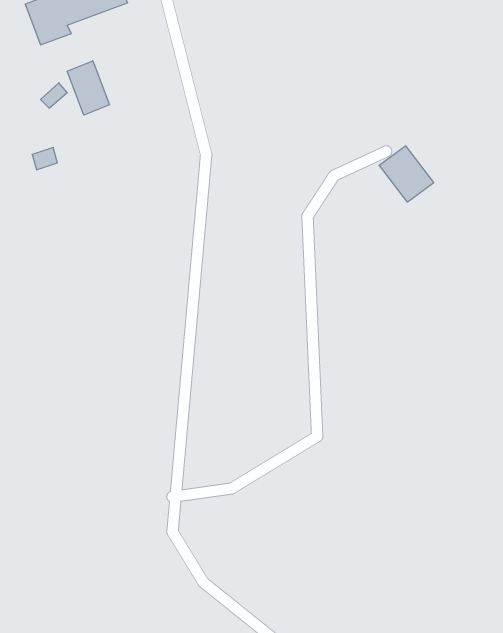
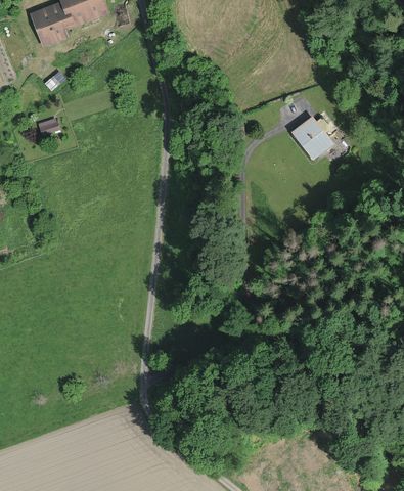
building: [67,61,109,115] -> none

